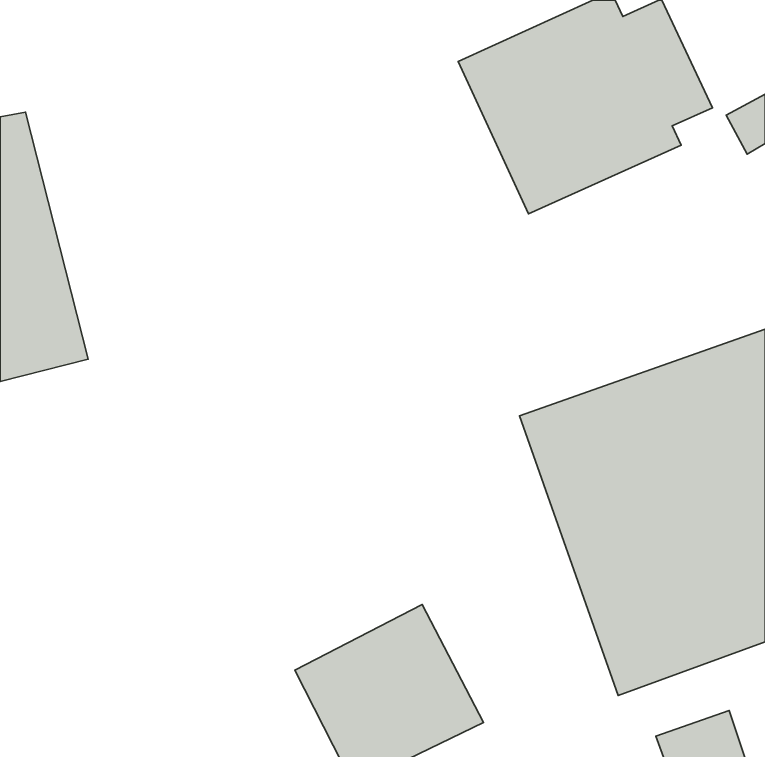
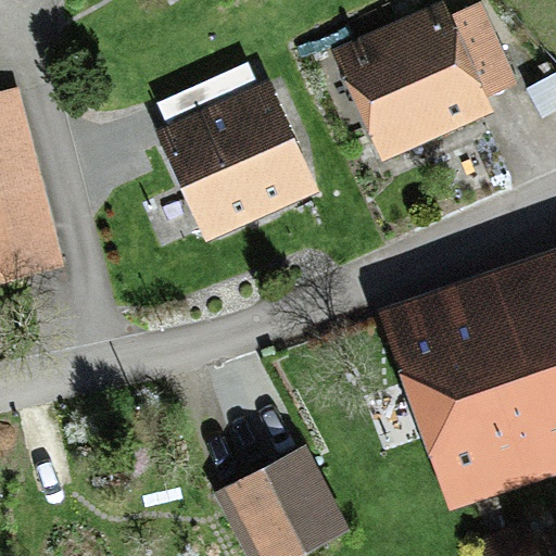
building: none -> [157,63,318,240]

